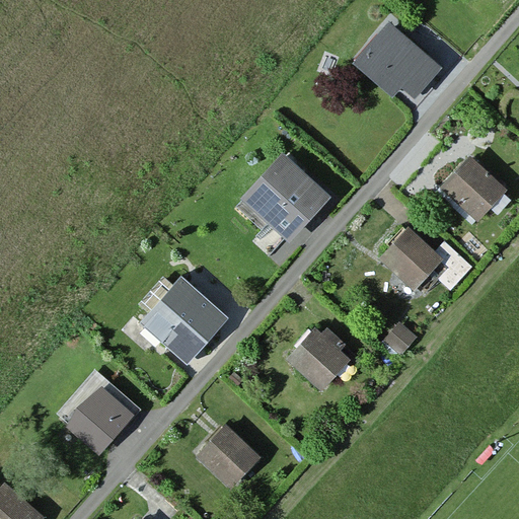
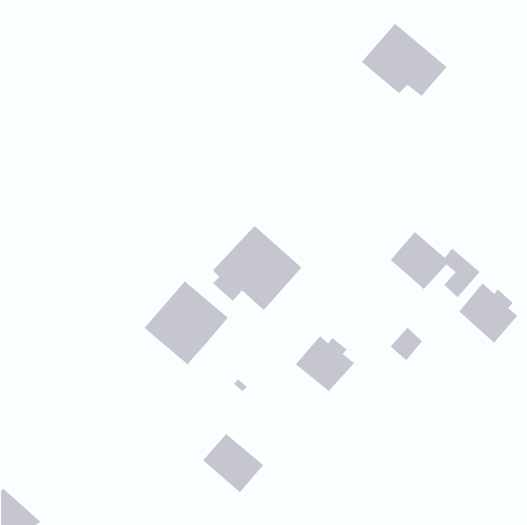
building: [242,148,330,232] -> [212,225,302,311]
building: [441,157,508,224] -> none
building: none -> [458,282,518,343]
building: [63,372,138,446] -> none

